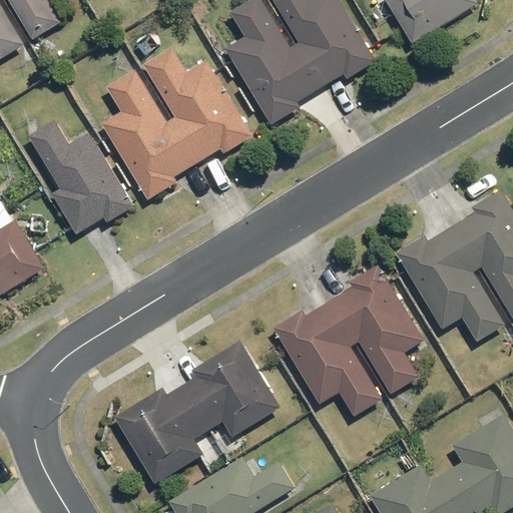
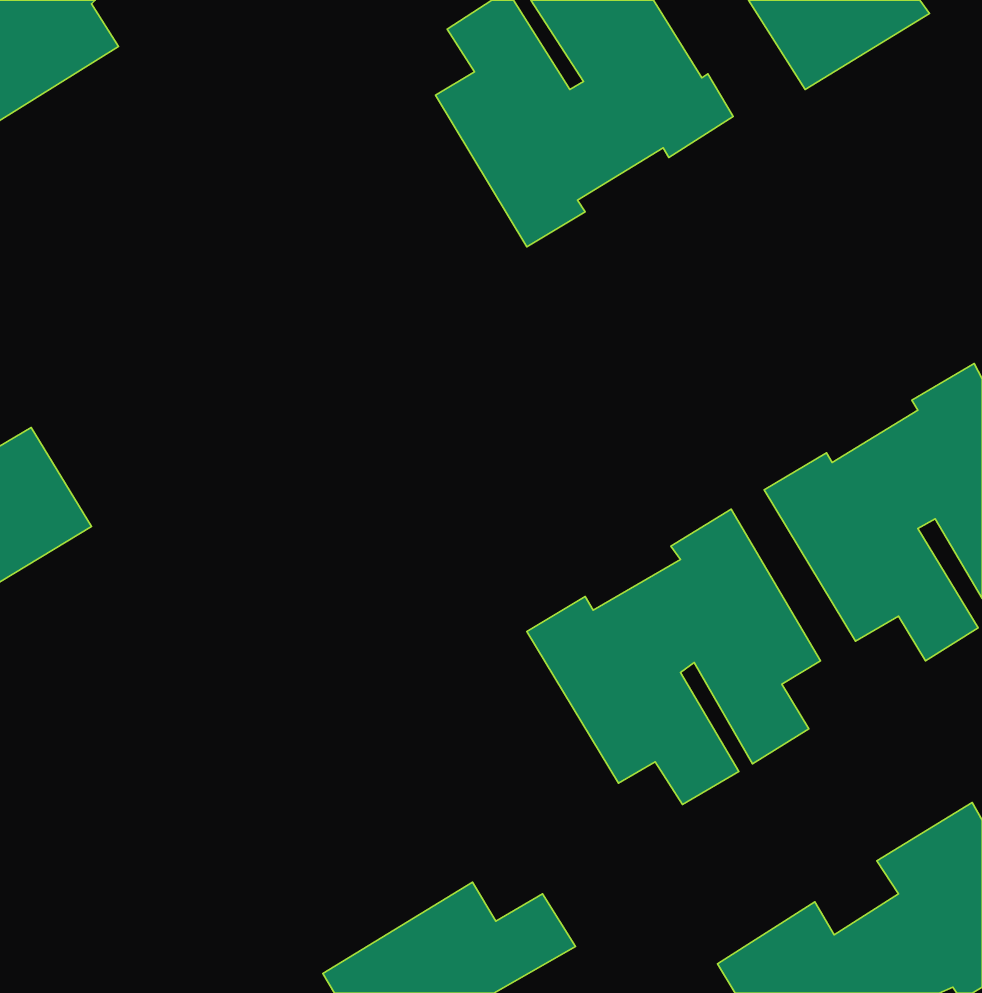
building: [103,47,254,201] -> none
building: [27,121,134,235] -> none
building: [116,344,280,484] -> none

